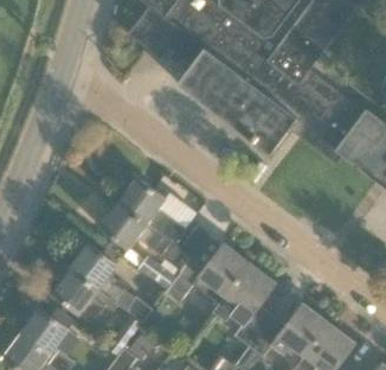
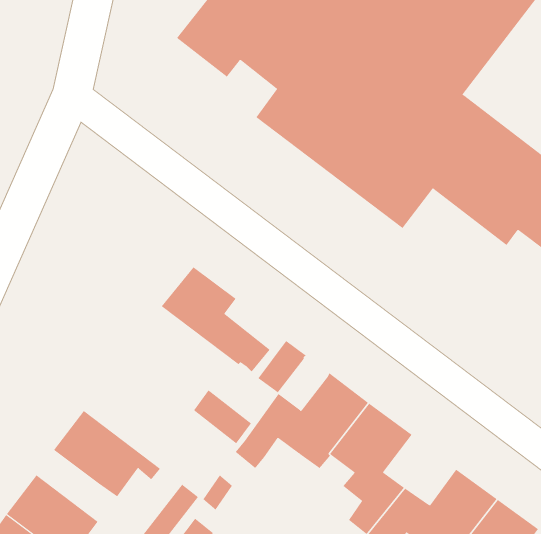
building: [101,202,172,254] -> none
building: [70,242,135,310] -> none

